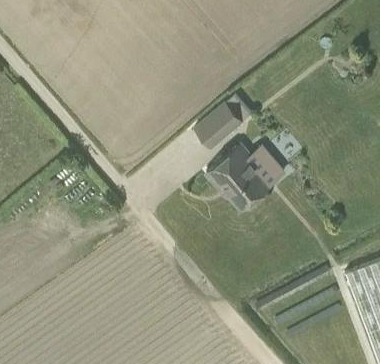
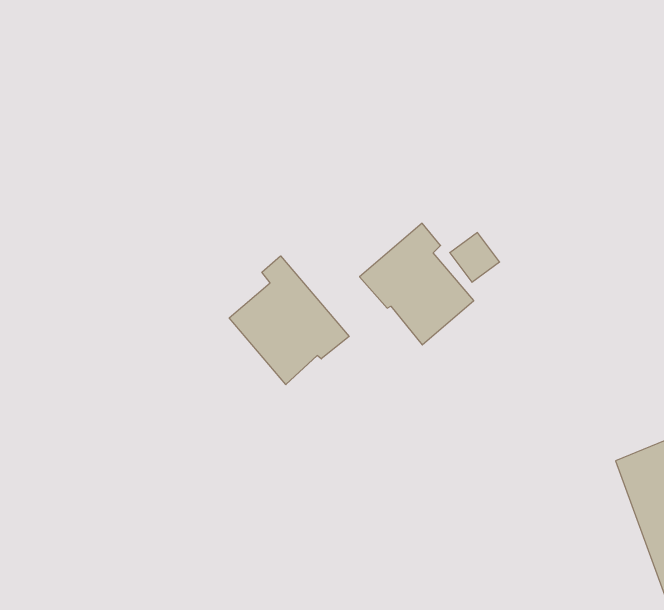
building: [194,104,241,149] -> none
building: none -> [229,256,349,385]

